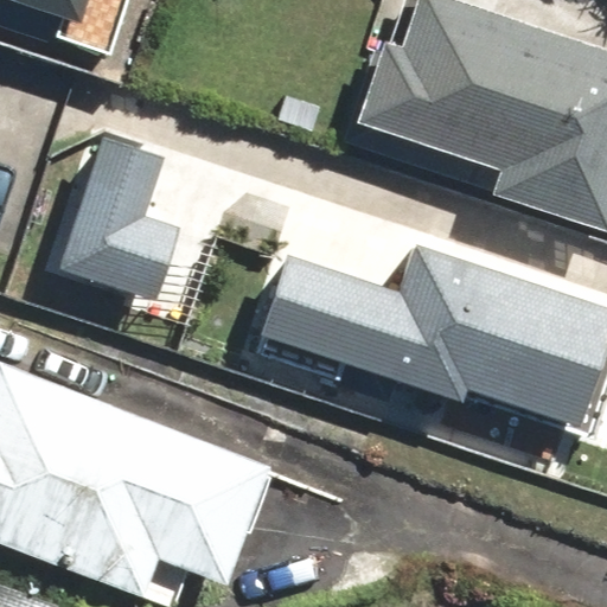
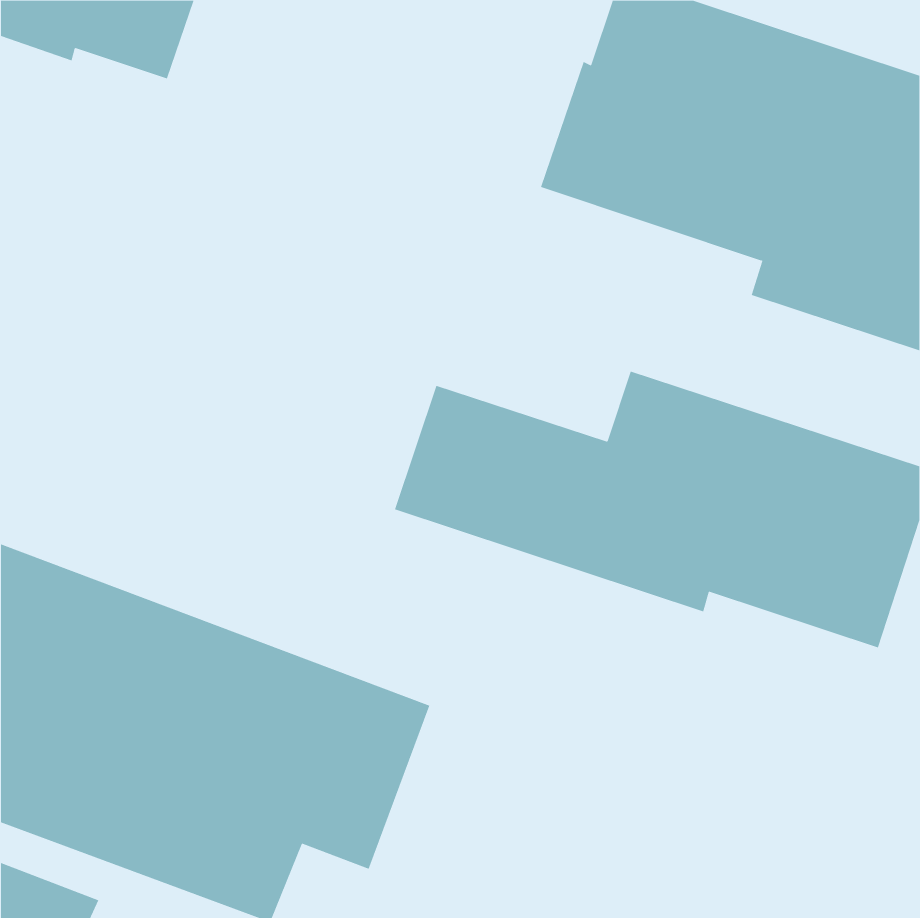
building: [57,138,180,302] -> none

